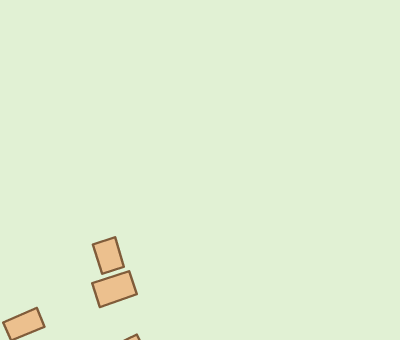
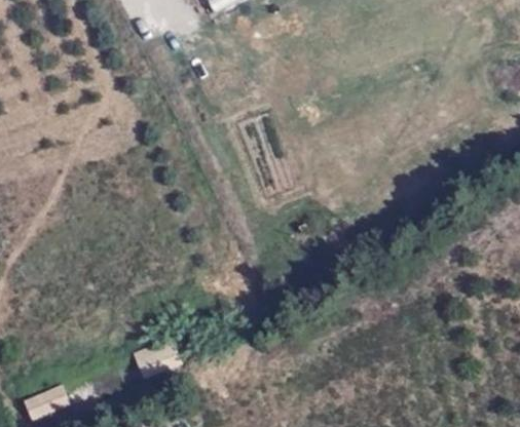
building: [93,237,124,274] -> none

